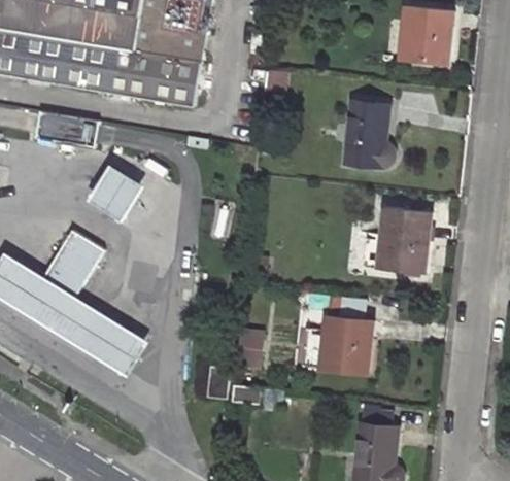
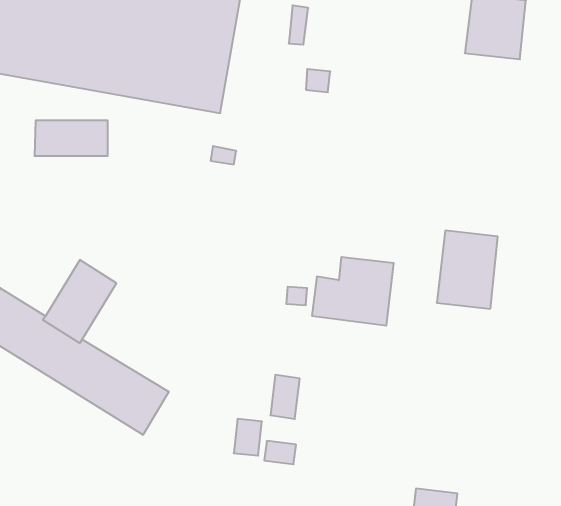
building: [343,101,393,166] -> none
building: [94,167,147,220] -> none
building: [301,315,370,373] -> [312,257,394,326]

